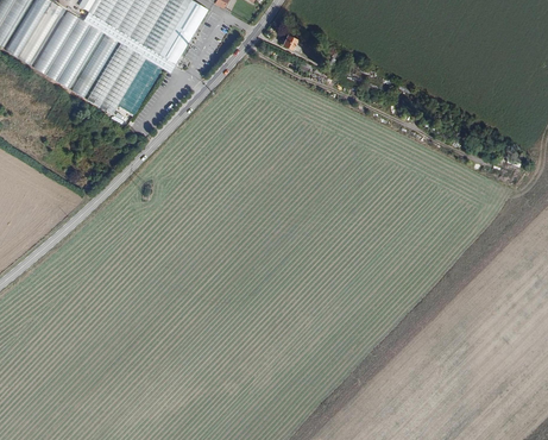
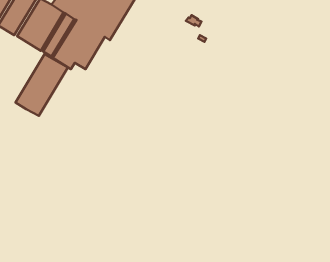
building: none -> [16,54,68,116]

